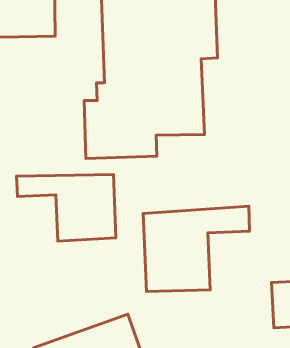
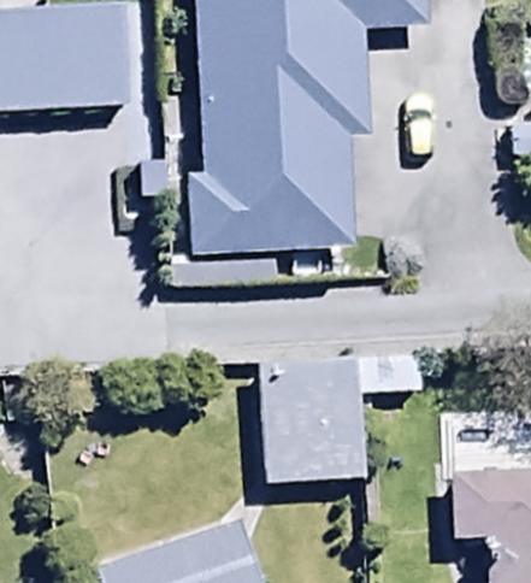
building: [16,174,116,241] -> none

